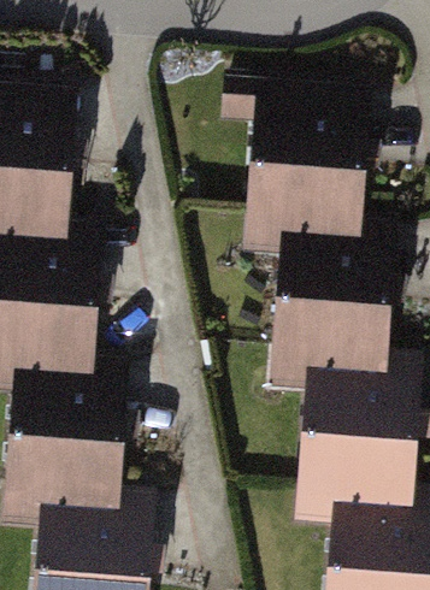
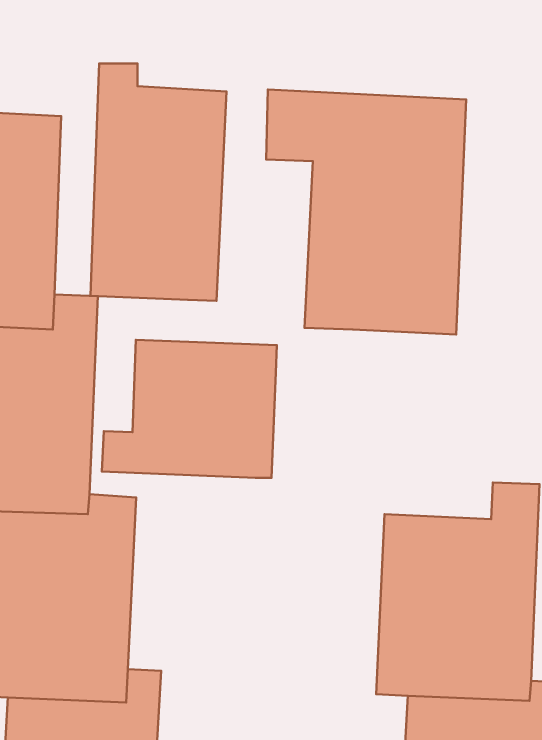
building: none -> [90,63,226,301]
building: [276,237,389,399] -> none
building: none -> [102,340,277,478]

